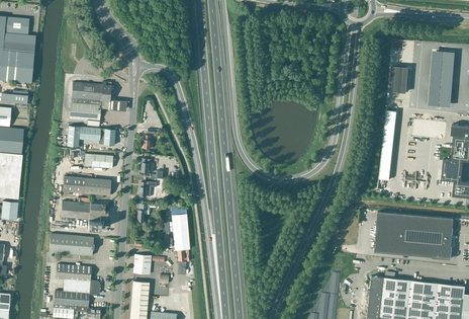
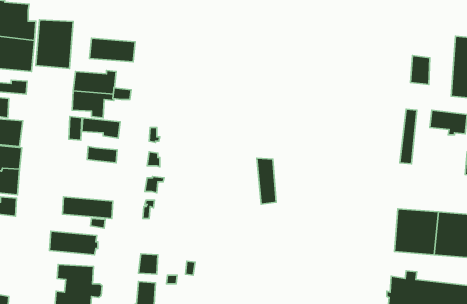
building: none -> [36,20,73,68]
building: none -> [89,38,135,62]
building: [63,176,110,198] -> none
building: [171,207,189,250] -> [257,158,276,204]

